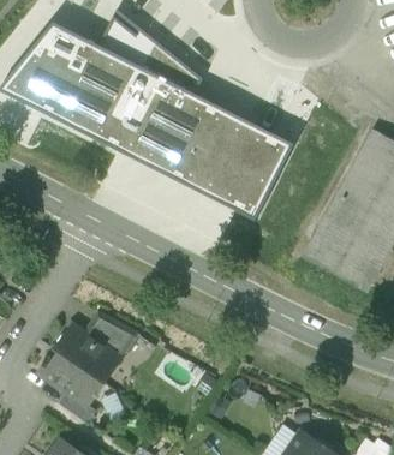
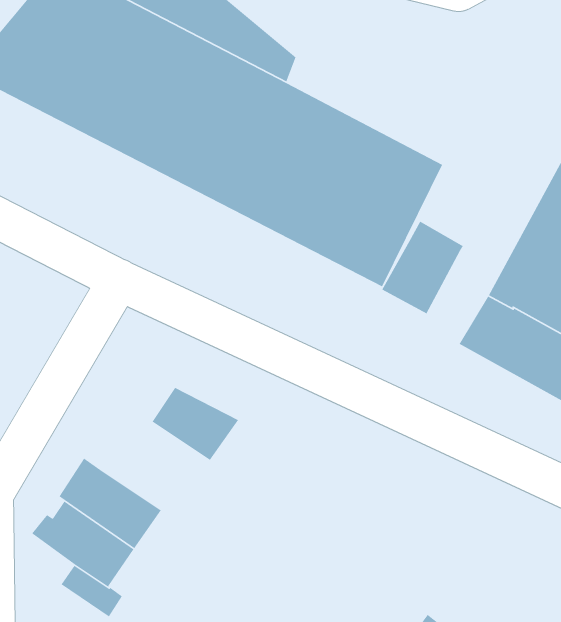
building: none -> [381,221,464,315]
building: [84,312,138,358] -> [151,387,239,461]

